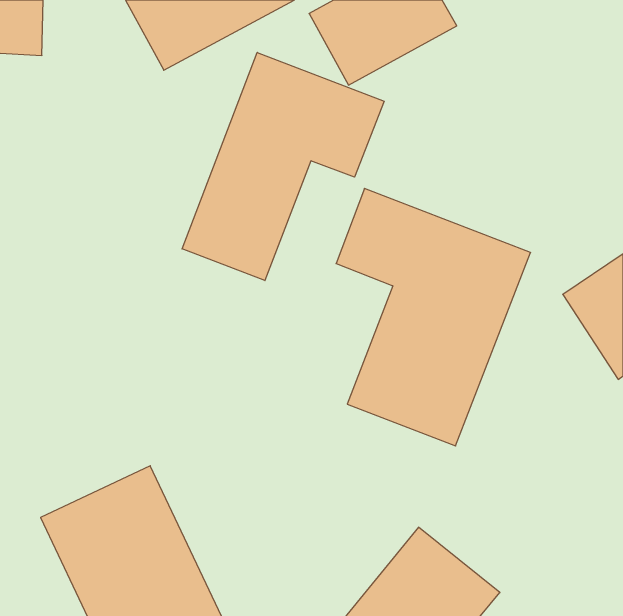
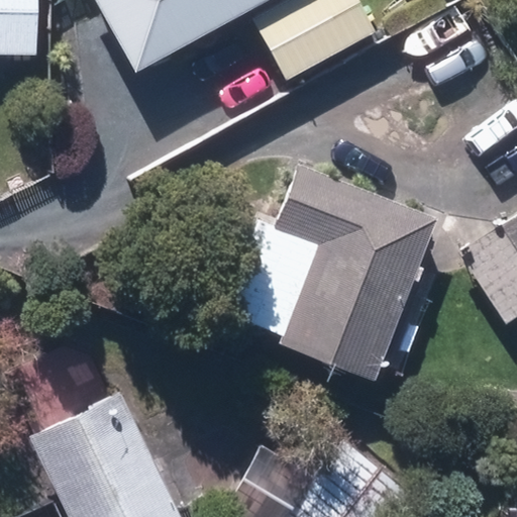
building: [182,52,384,281] -> none

